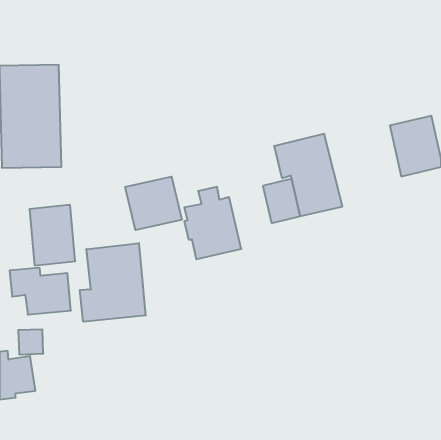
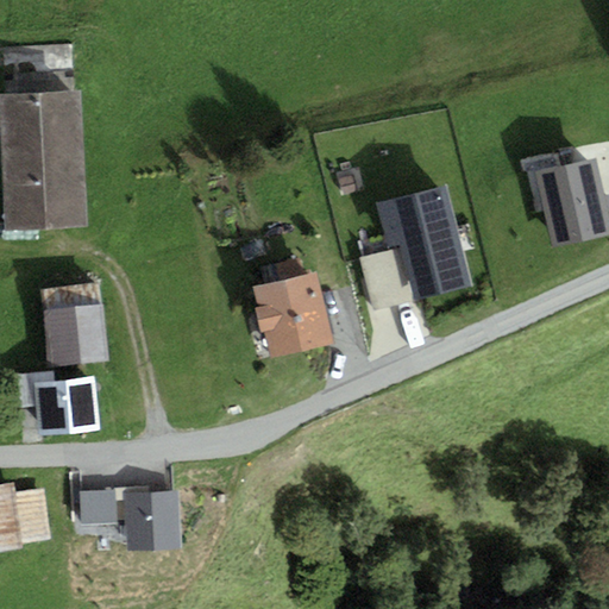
building: [125,177,182,230] -> none
building: [80,243,146,322] -> none
building: [18,329,43,354] -> [80,488,114,522]
building: none -> [124,489,180,548]

